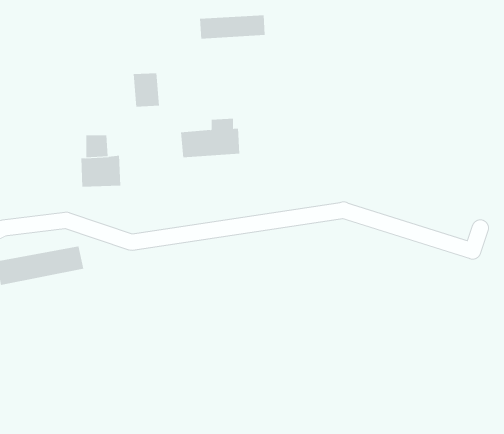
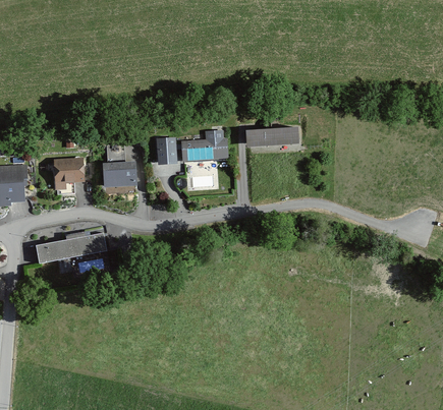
building: [199,15,266,39] -> [246,128,299,148]
building: [133,73,160,107] -> [157,138,178,166]
building: none -> [52,158,84,190]

